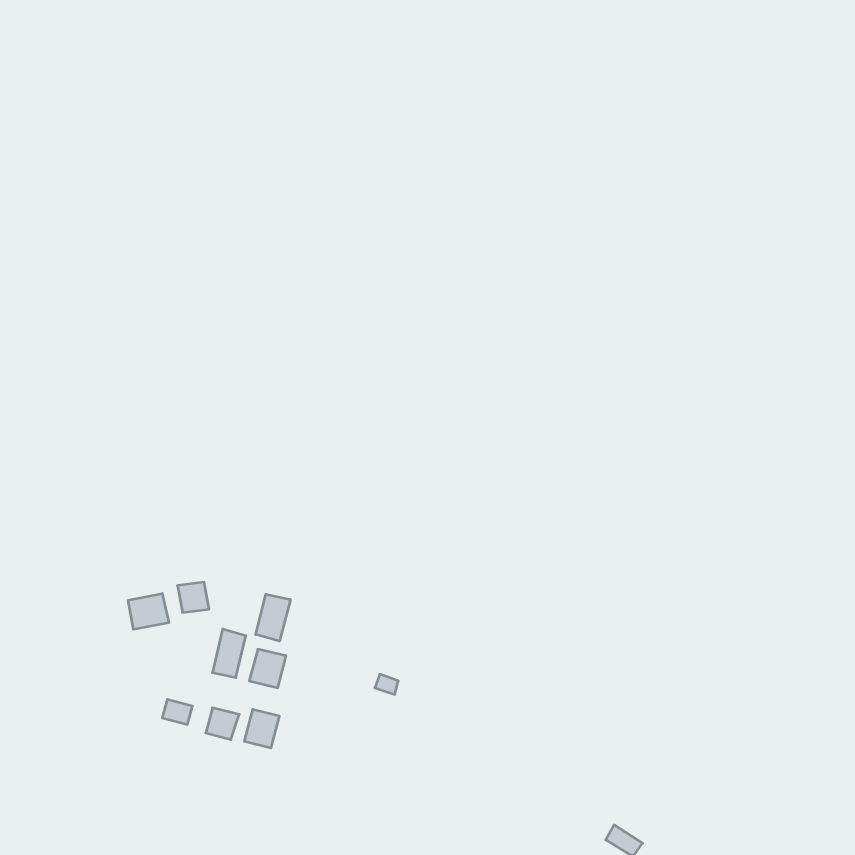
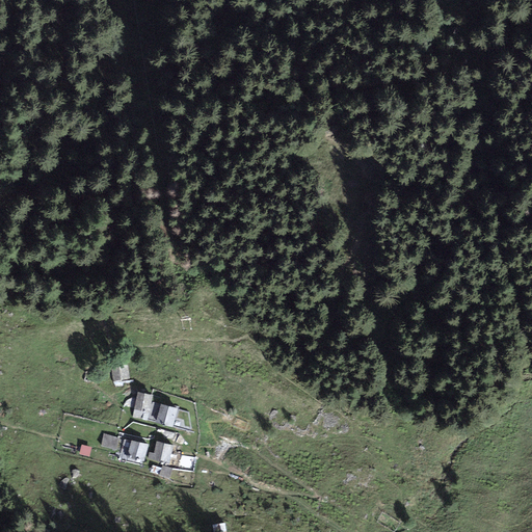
building: [128,593,169,629] -> none
building: [256,594,290,641] -> none

